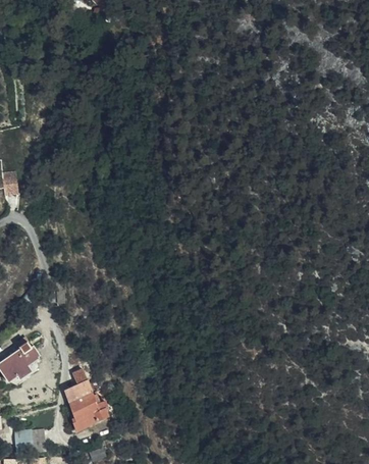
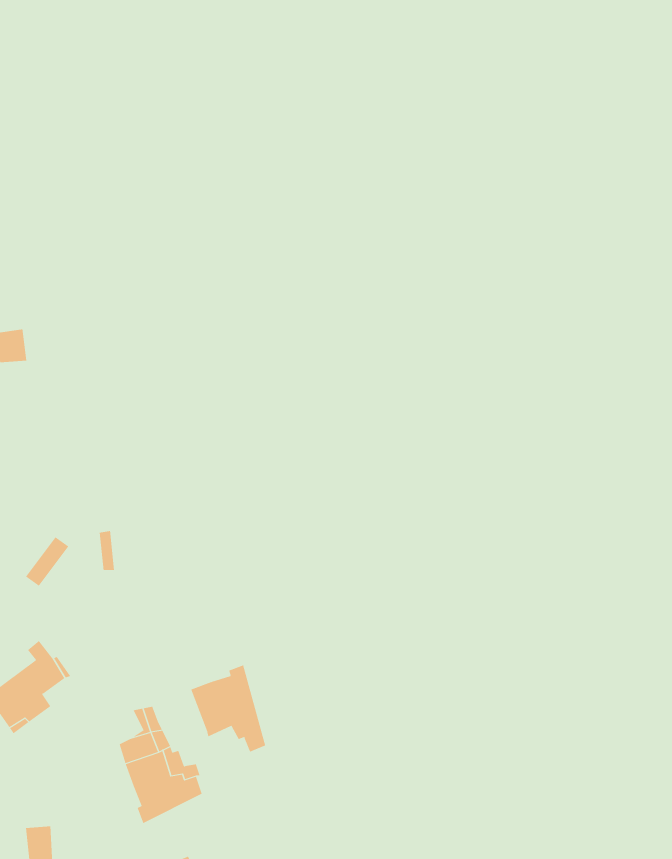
building: none -> [191,665,266,753]

